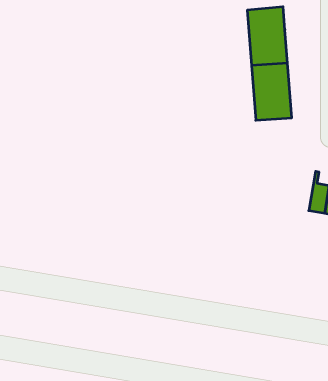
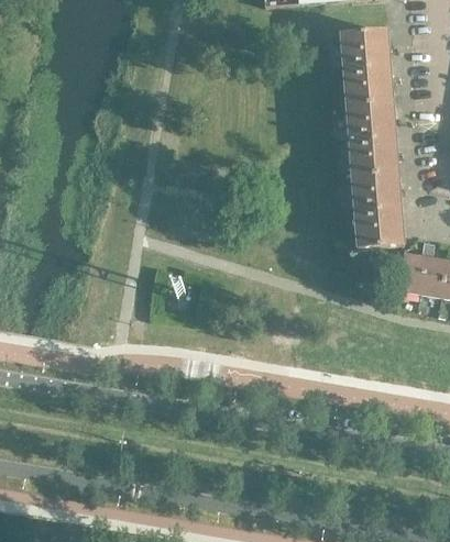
building: none -> [351,172,403,246]
building: none -> [397,241,428,291]

